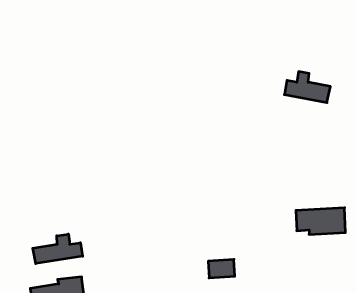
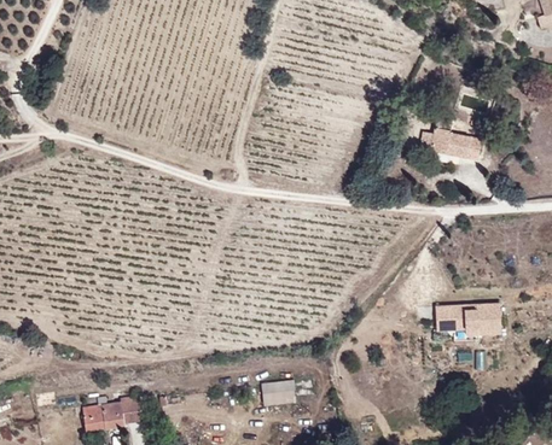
building: [33,234,83,264] -> none
building: [208,259,235,278] -> [261,381,297,406]

